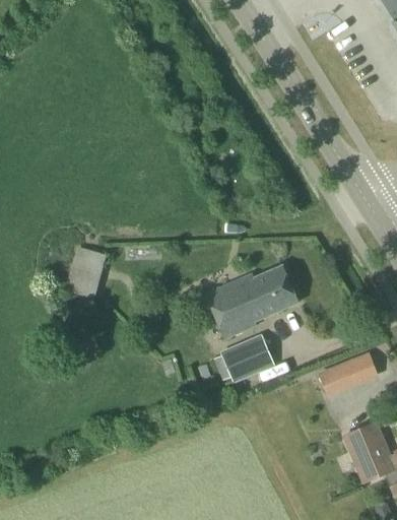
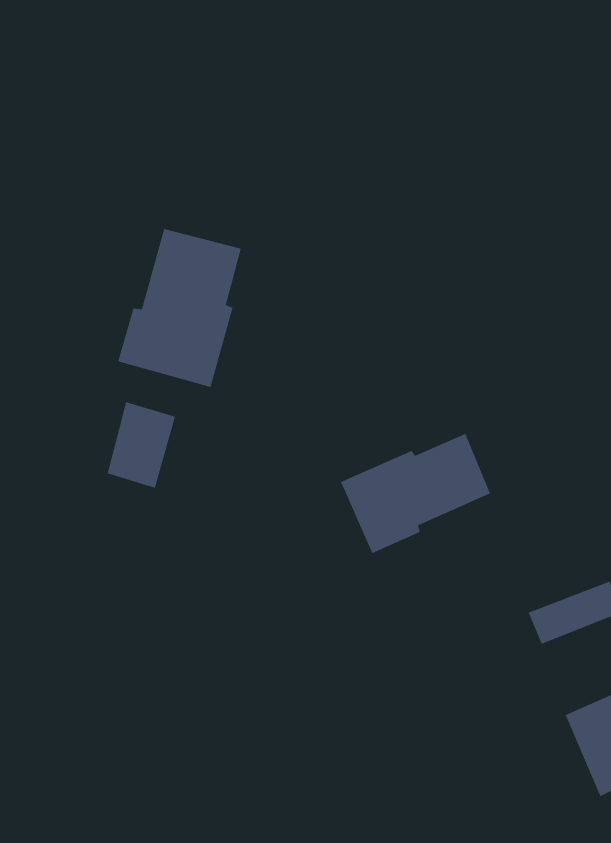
building: none -> [118,228,242,388]
building: [214,333,276,382] -> none

